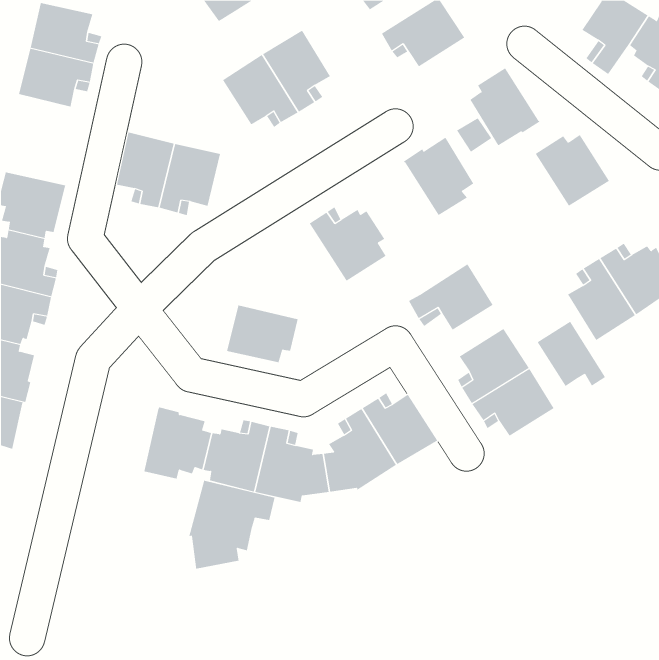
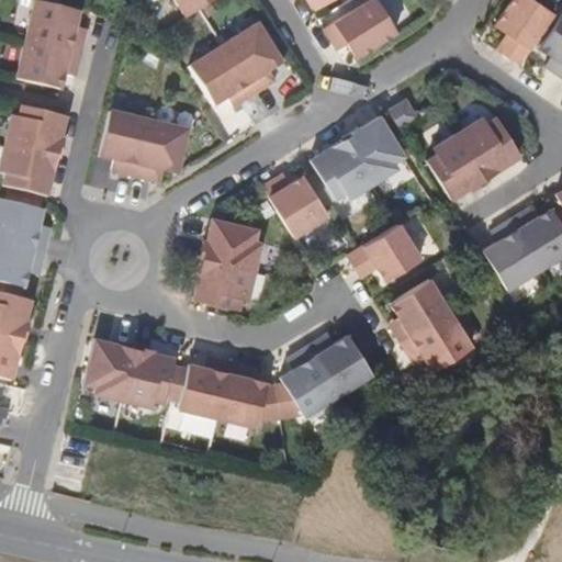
building: [469,67,540,146] -> [425,131,485,198]
building: none -> [5,108,67,158]
building: none -> [311,138,373,203]
building: none -> [201,218,261,271]
building: [537,321,606,387] -> none
building: none -> [85,339,135,401]
building: [189,480,275,569] -> none

